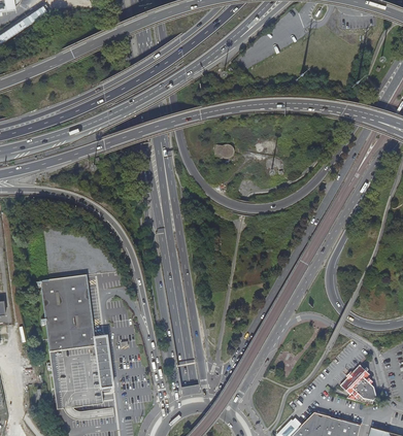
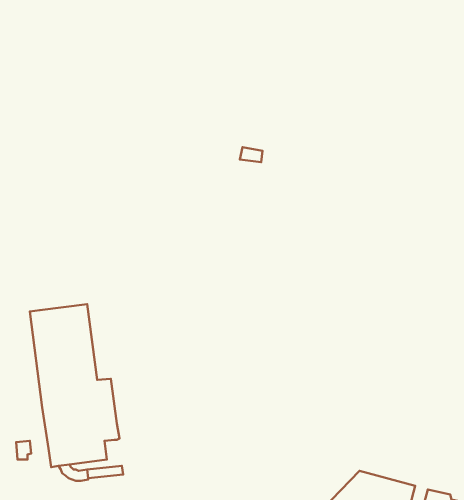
building: [340,363,376,402] -> none

